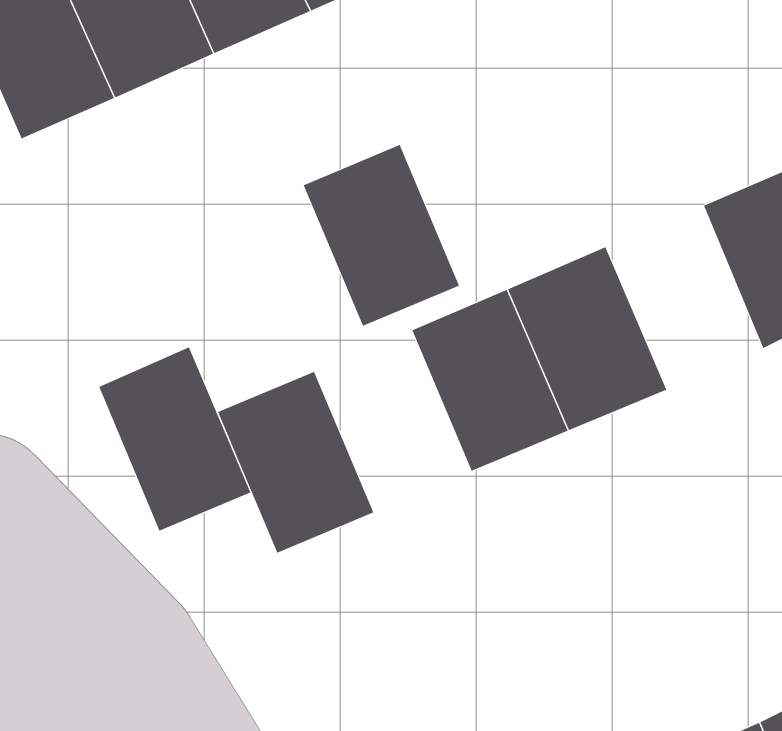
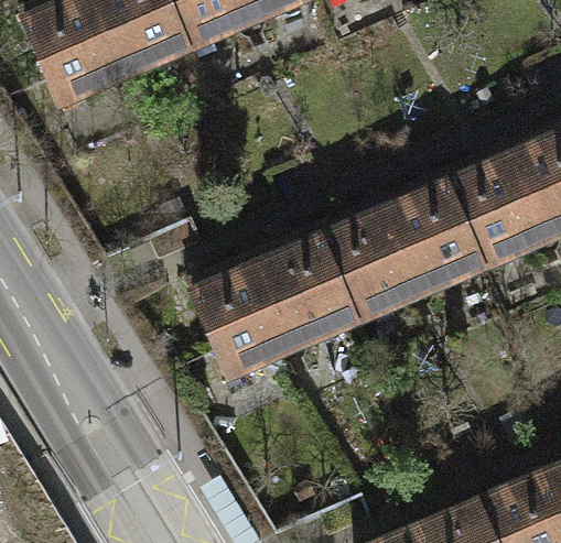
building: [303,144,460,327] -> [252,228,354,346]
building: none -> [441,148,542,267]
building: [98,346,251,532] -> none

